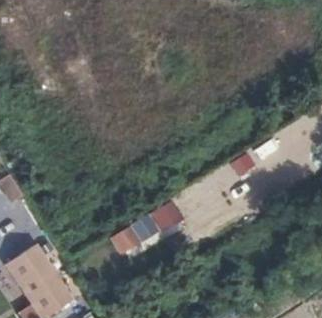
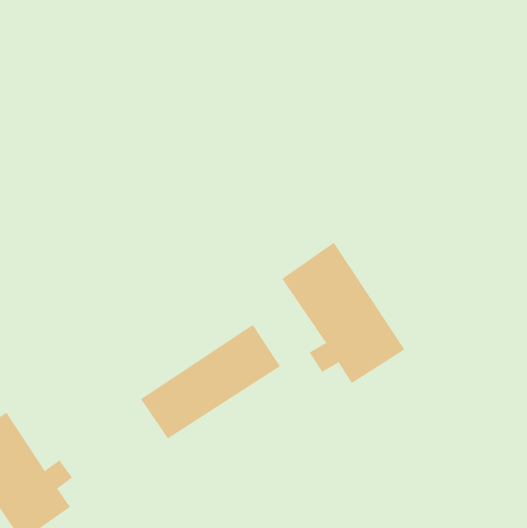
building: none -> [282,242,405,384]

